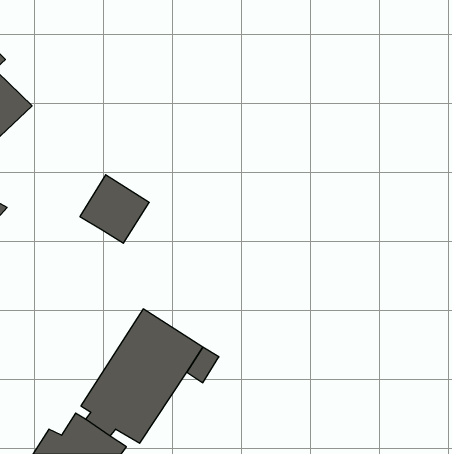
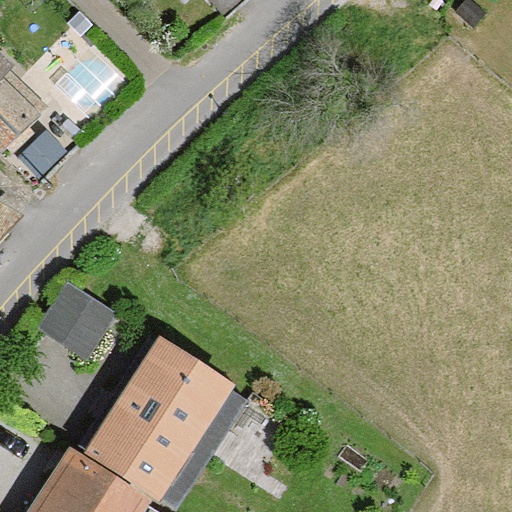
building: [80,175,149,243] -> [35,278,113,355]

